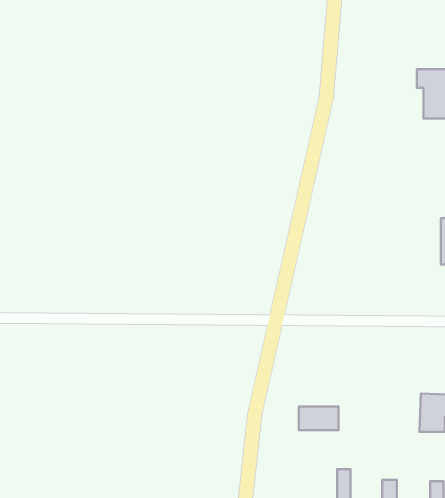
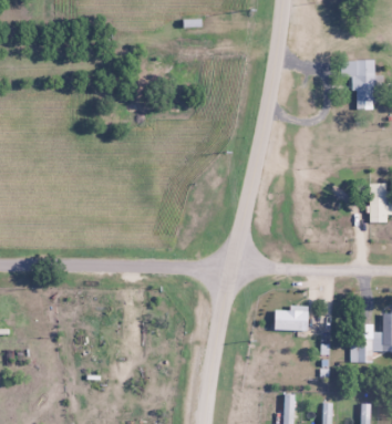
building: [299,406,338,430] -> [275,309,308,329]

